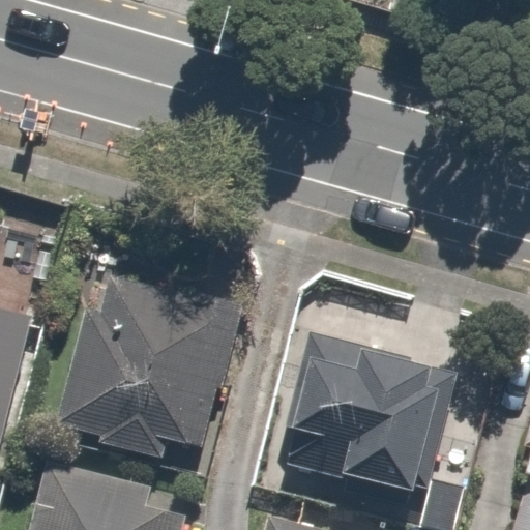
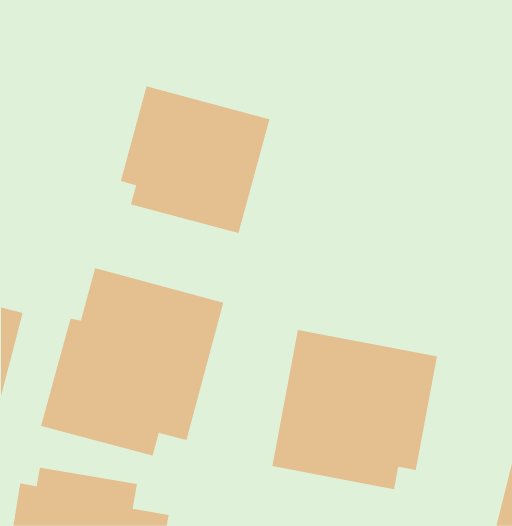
building: none -> [120,85,270,234]

